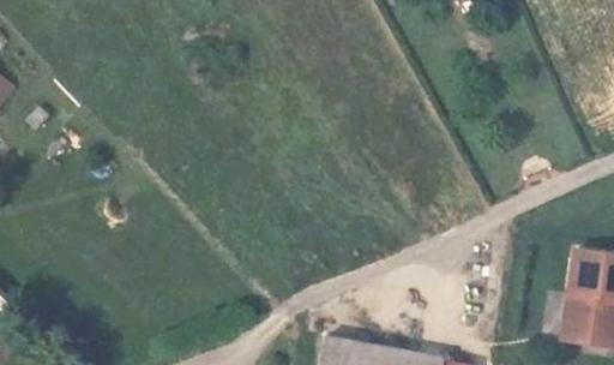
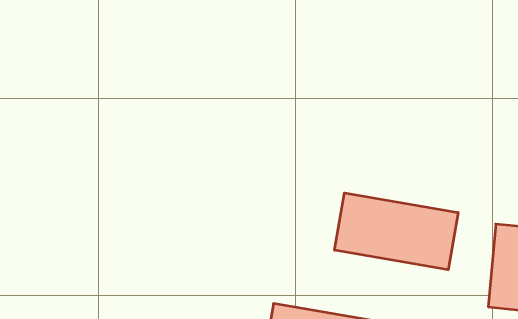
building: none -> [335,193,458,270]

